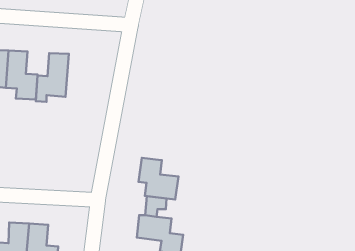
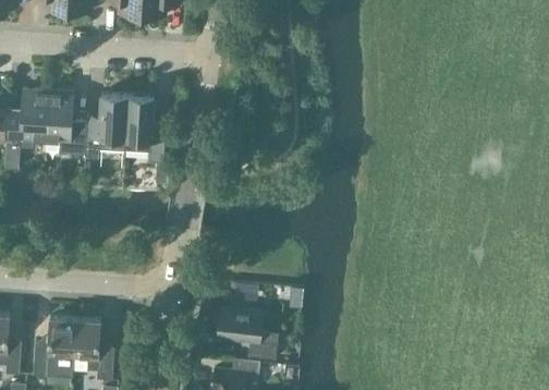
building: none -> [124,96,164,163]
building: [138,158,178,200] -> none

